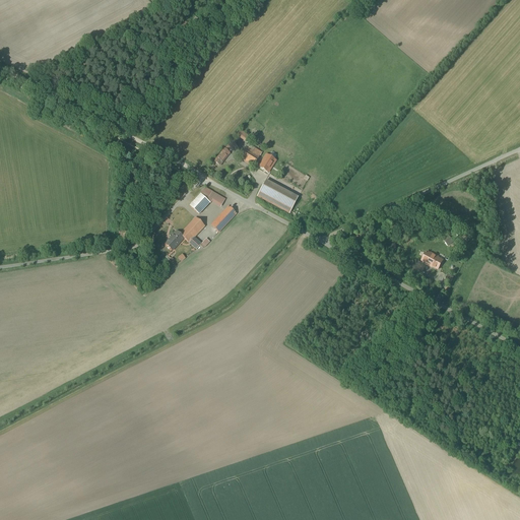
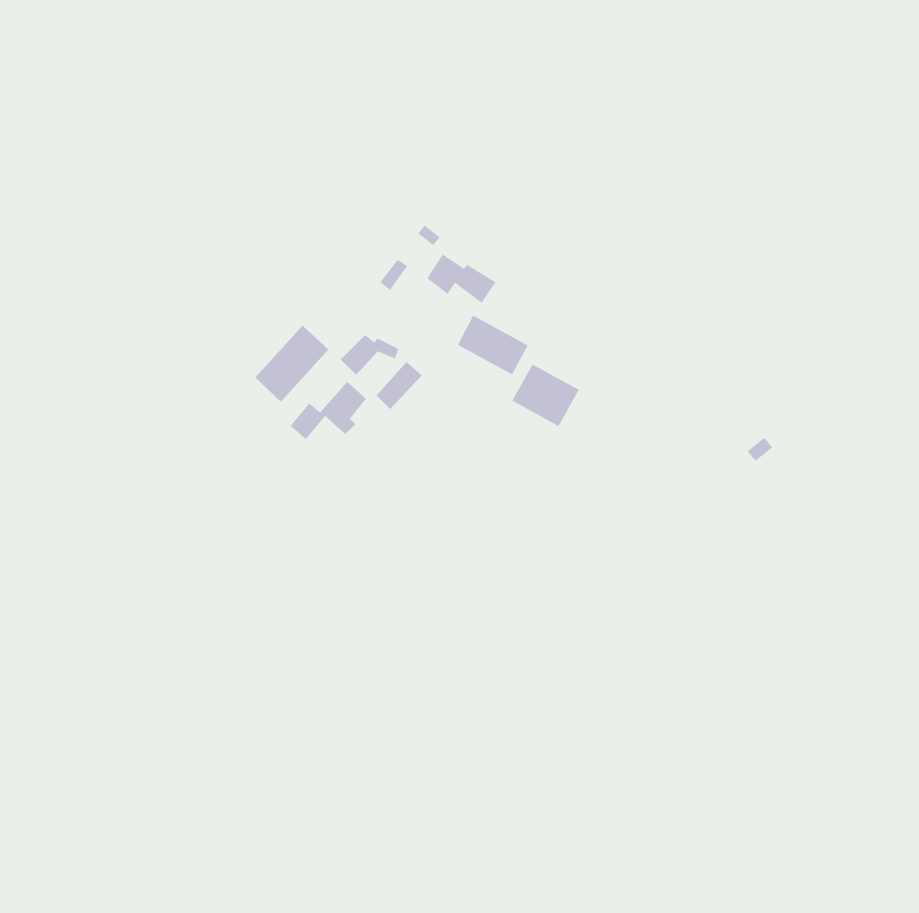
building: none -> [255,325,329,402]
building: none -> [511,363,580,427]

